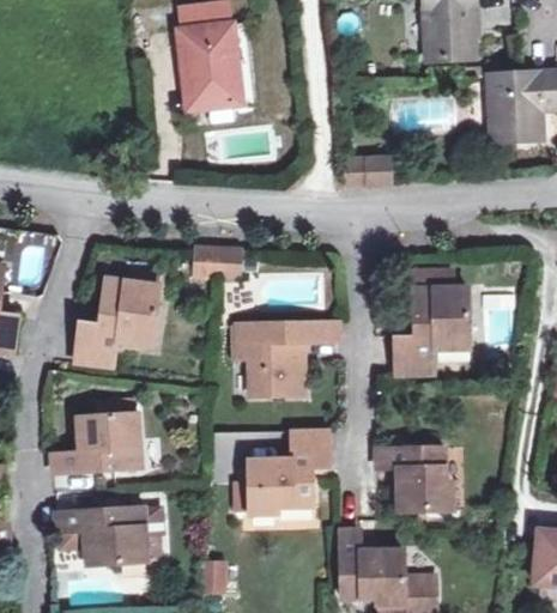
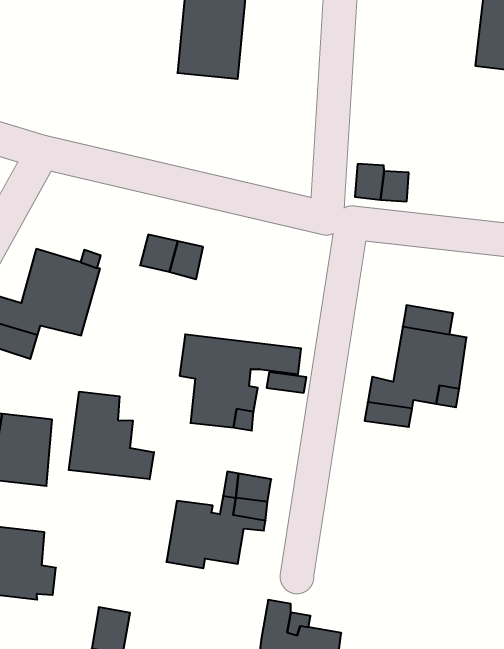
building: none -> [69,392,154,479]
building: [376,443,448,506] -> none

